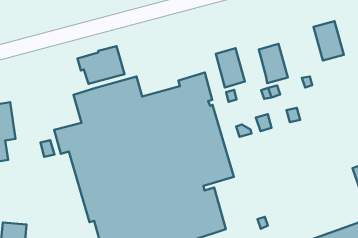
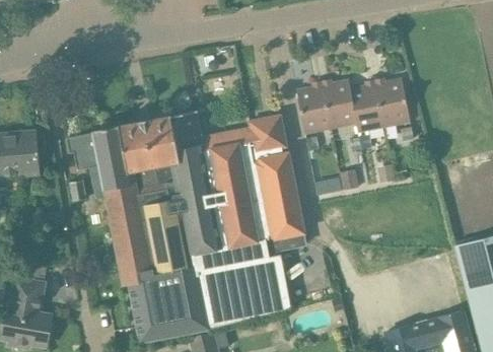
building: [314,21,344,61] -> [375,79,410,127]
building: none -> [322,80,356,128]
building: [77,46,124,84] -> [66,127,123,170]

